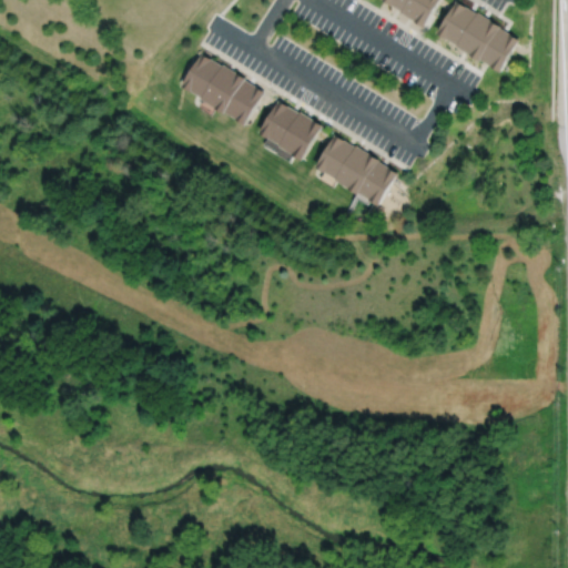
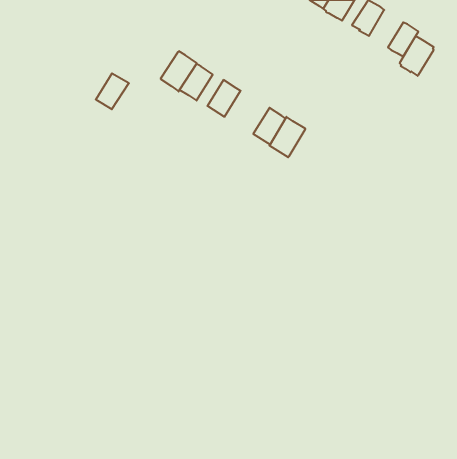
building: [456,11,498,60] -> [400,36,434,76]
building: [179,52,220,97] -> [96,73,129,109]
building: [276,111,321,160] -> none
building: [357,160,397,205] -> none

